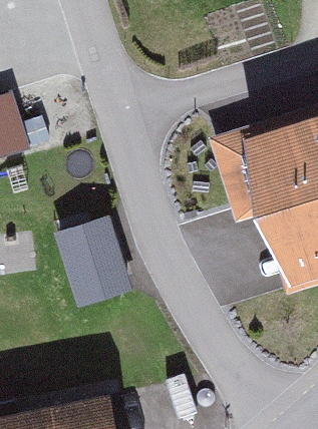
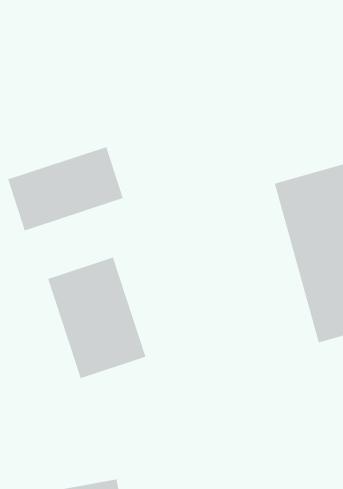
building: none -> [7,146,124,231]

